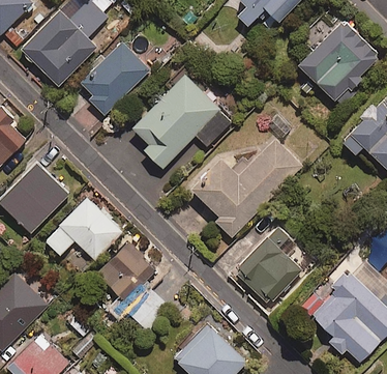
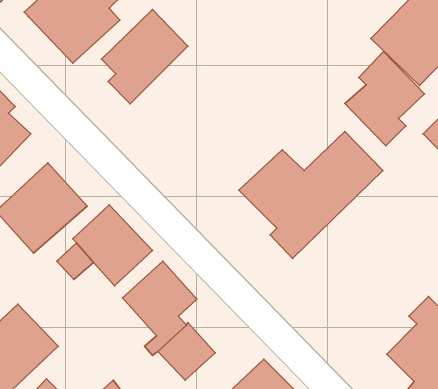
building: [133,69,224,167] -> none
building: none -> [345,52,424,146]
building: [235,228,304,306] -> none

